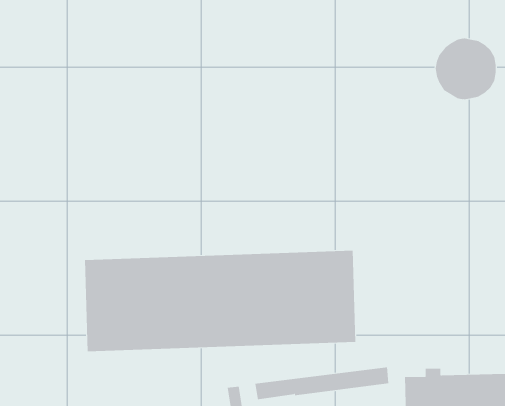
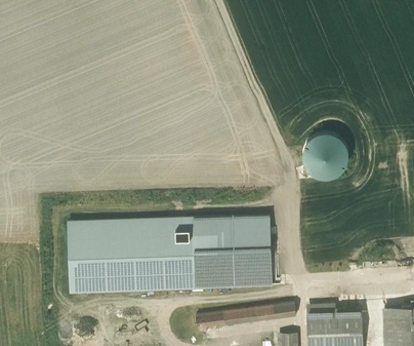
building: [435,38,497,100] -> [302,133,348,180]

